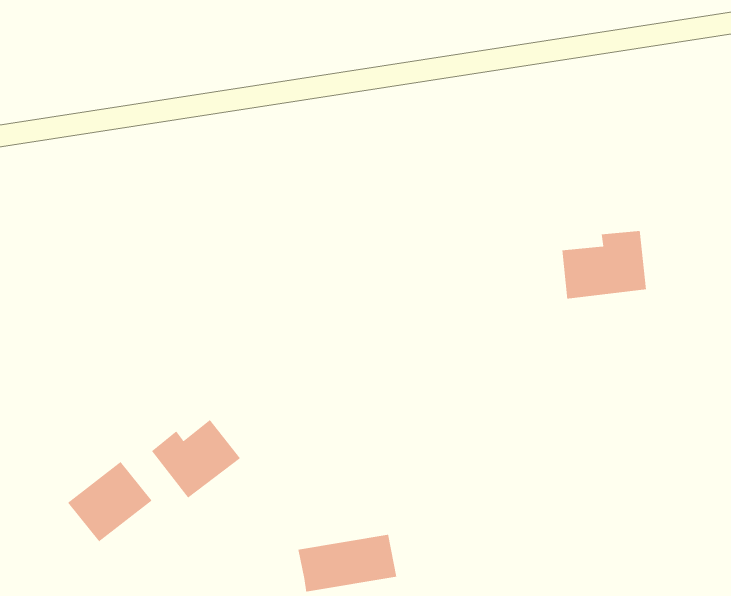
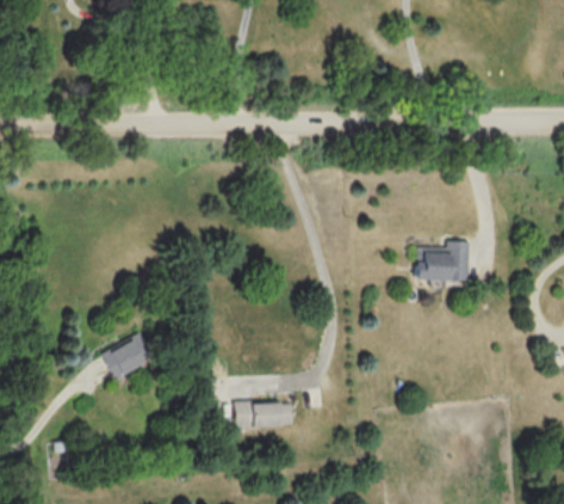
building: [151,419,241,498] -> none

